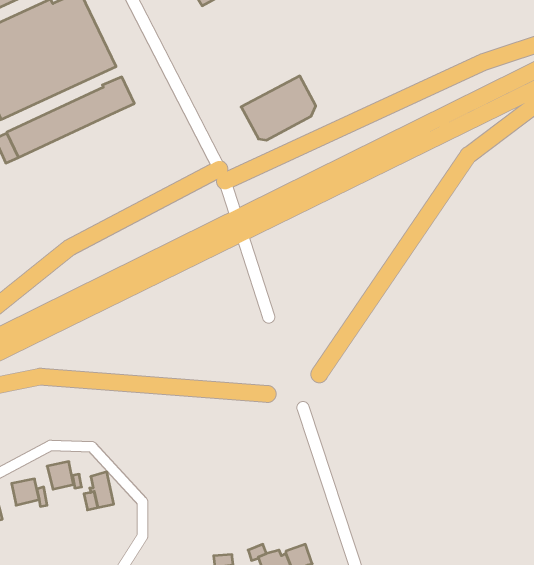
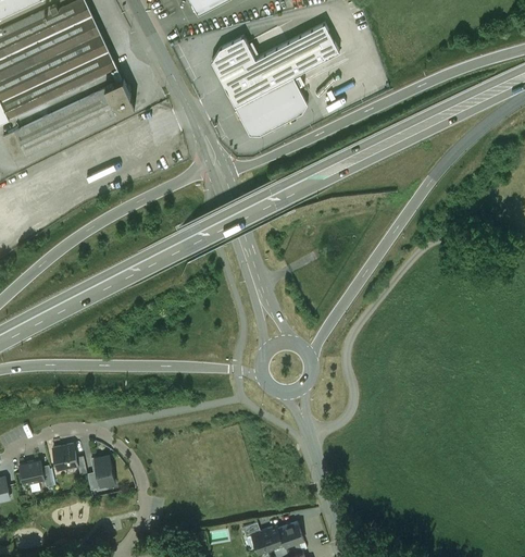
building: none -> [211,23,339,107]

